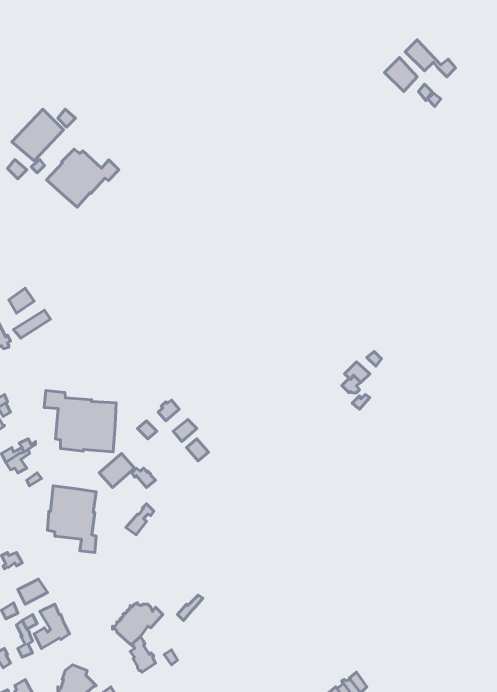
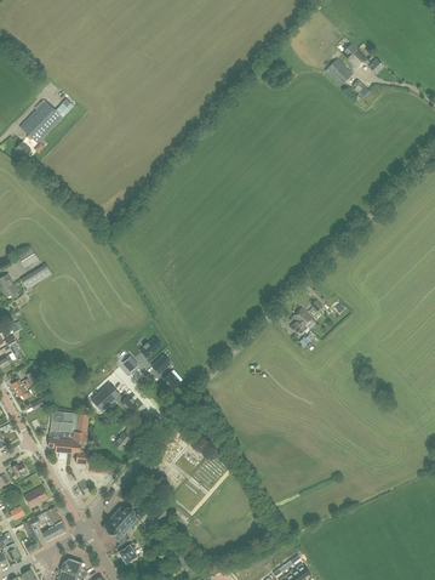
building: [47,149,119,207] -> none
building: [44,391,116,452] -> none

